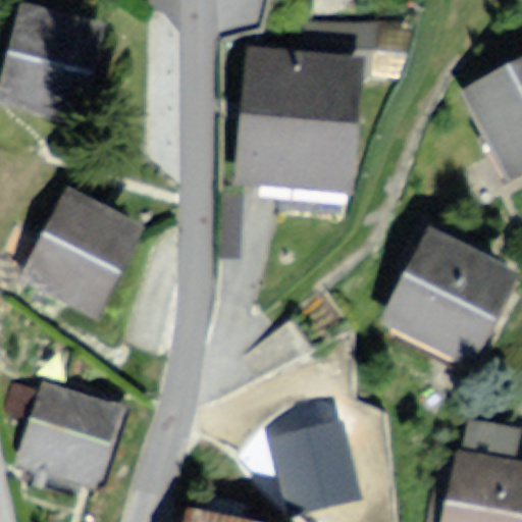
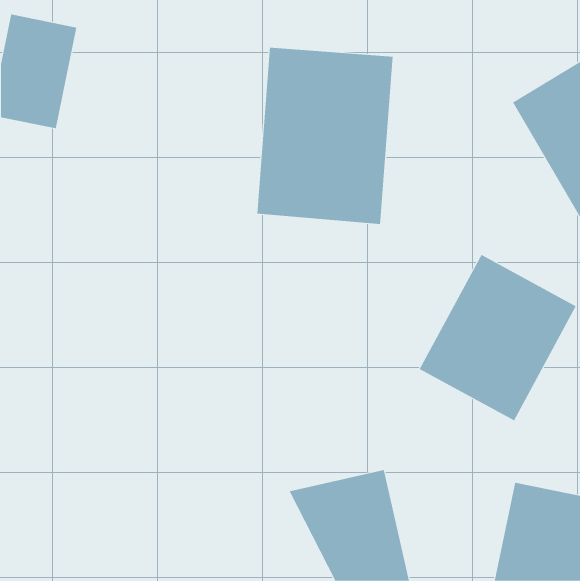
building: [18,196,142,321] -> none
building: [16,373,119,481] -> none

